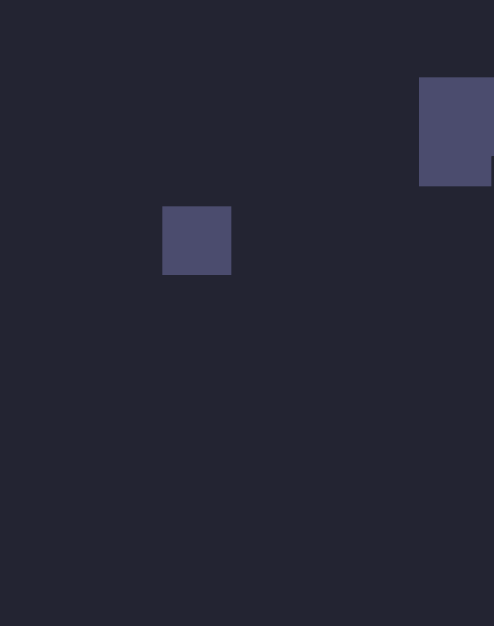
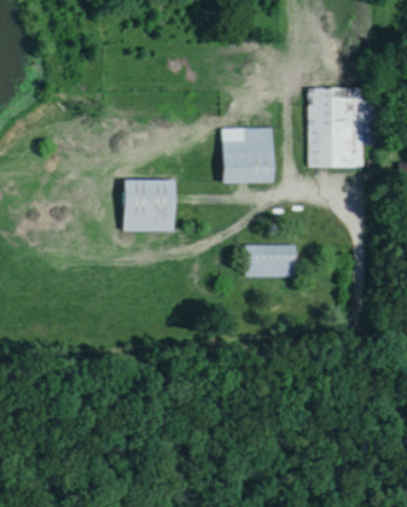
building: none -> [222,128,273,182]
building: none -> [246,245,296,278]

